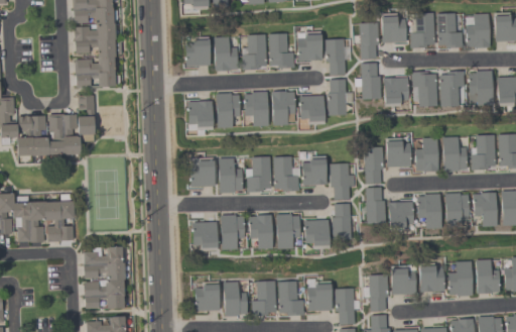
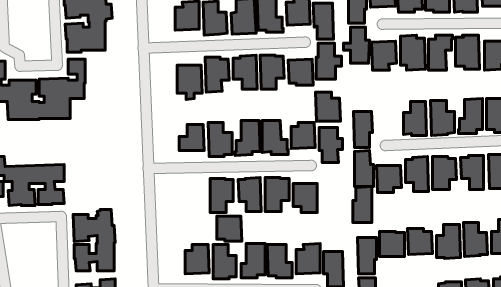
building: [386,137,411,167] -> [316,92,341,121]
building: [332,203,351,239] -> [353,187,372,223]
building: [192,222,218,247] -> [217,216,242,241]

